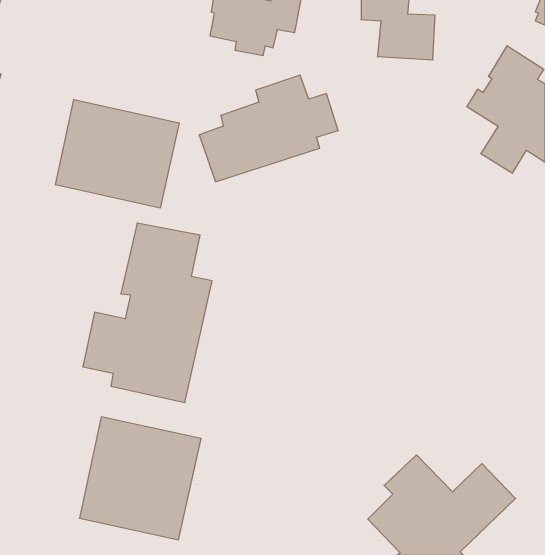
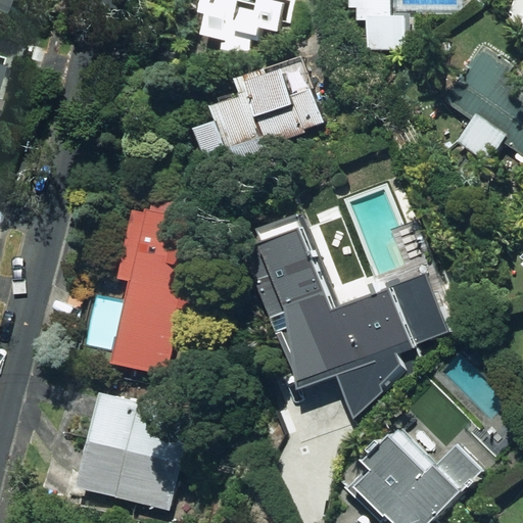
building: [56,99,179,208] -> none
building: none -> [258,222,448,424]

